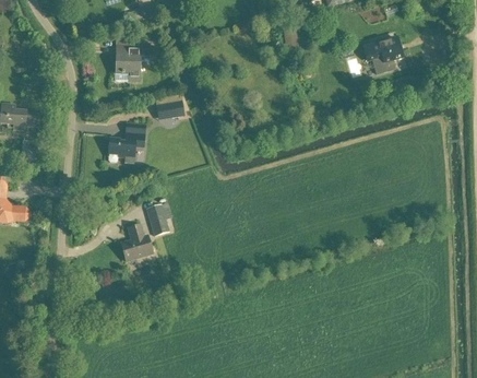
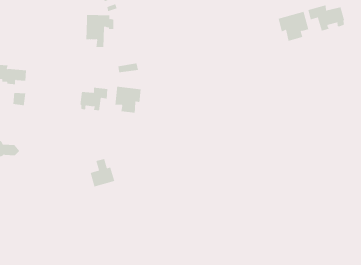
building: none -> [308,5,345,31]
building: none -> [115,86,141,113]
building: [146,204,169,236] -> none

